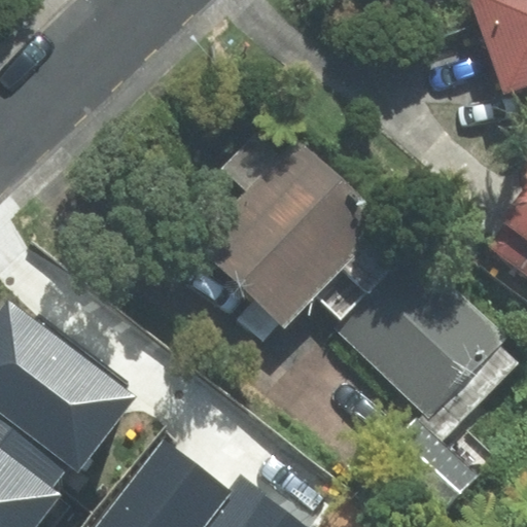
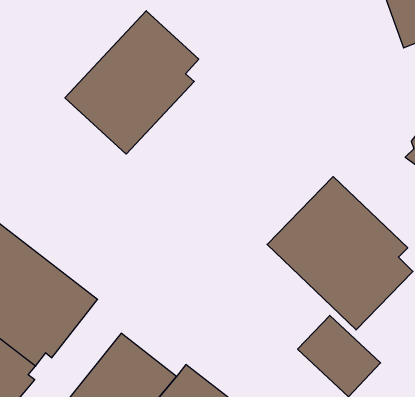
building: none -> [65,11,199,154]
building: [197,119,383,326] -> none

